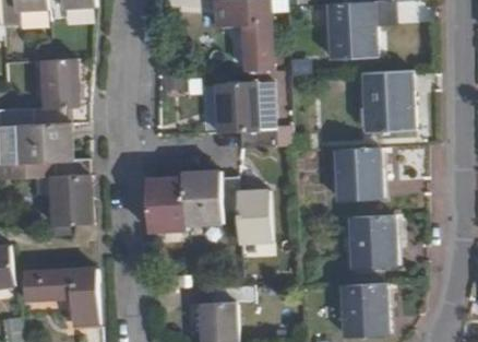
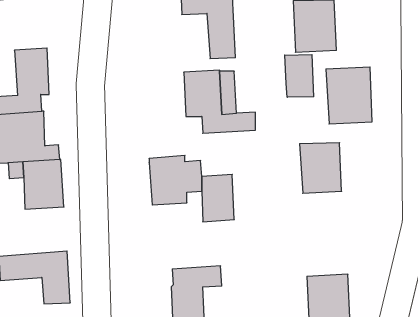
building: none -> [285,55,314,97]
building: [145,176,183,227] -> none
building: [351,223,395,276] -> none

